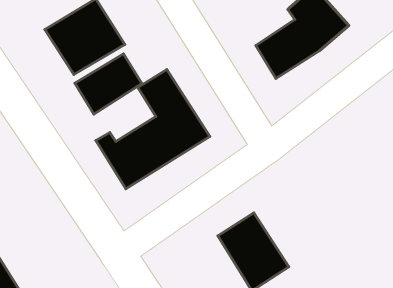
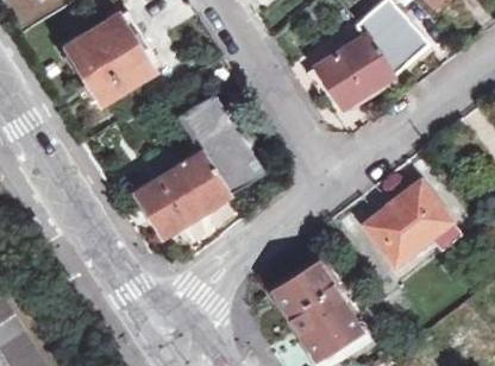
building: [75,54,142,114] -> none
building: none -> [364,187,451,264]

